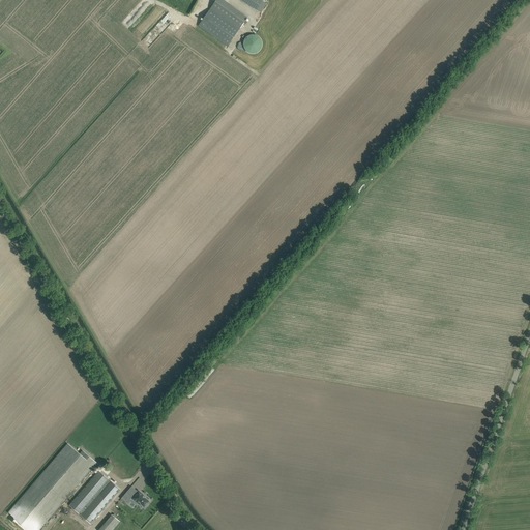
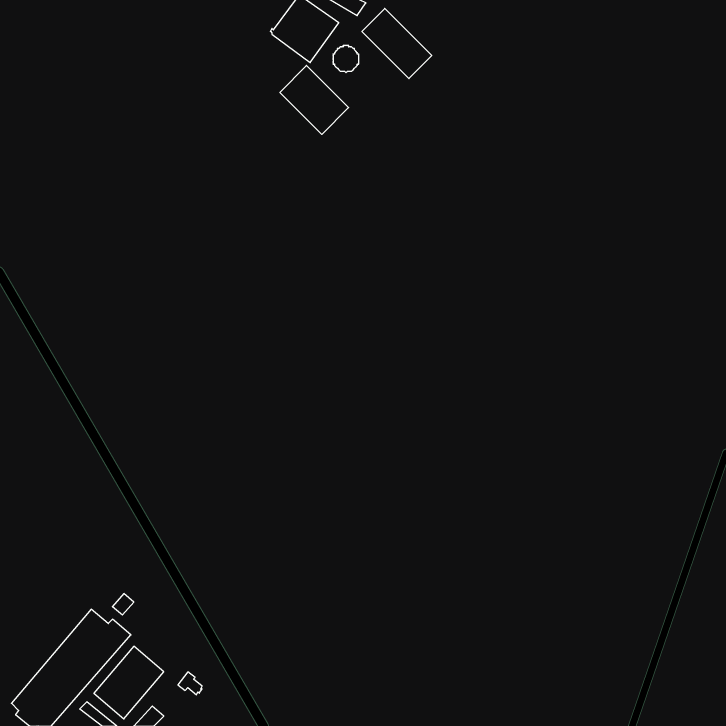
building: none -> [362,8,432,79]
building: none -> [280,65,349,134]

